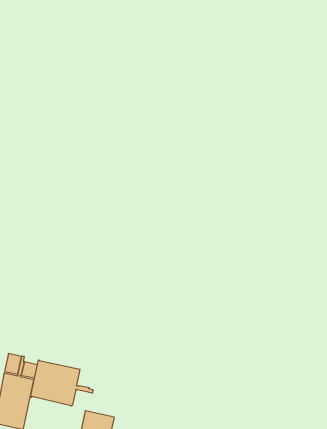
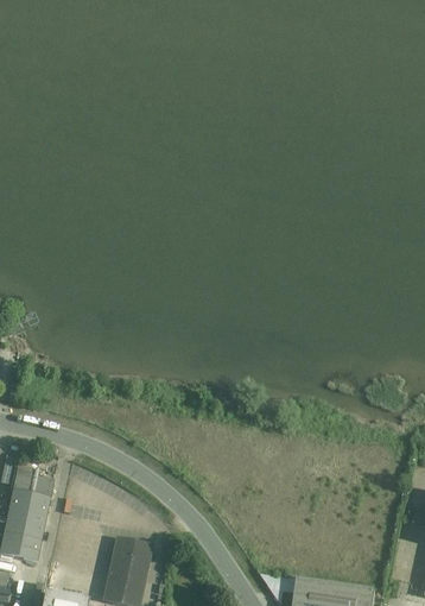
building: [31,360,93,406] -> none

